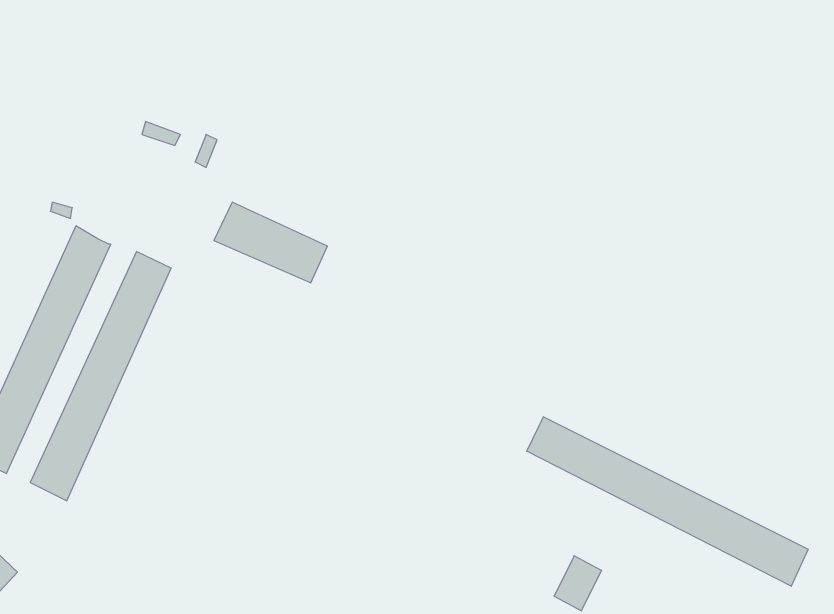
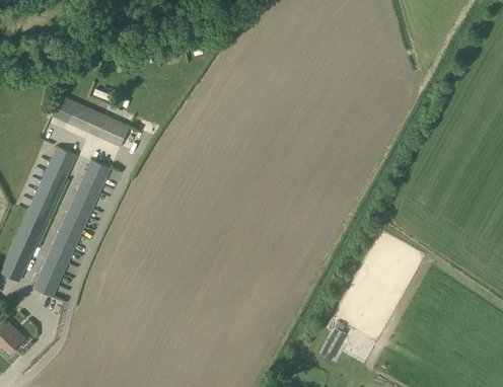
building: [214,202,327,283] -> [66,102,129,147]
building: [527,417,808,586] -> none

